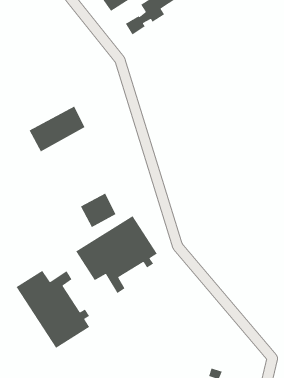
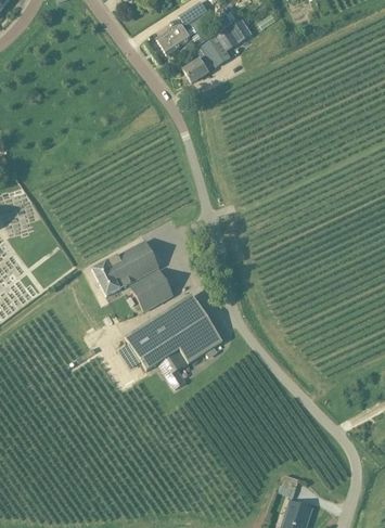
building: [29,106,85,152] -> [91,240,158,295]
building: [16,270,90,349] -> none

